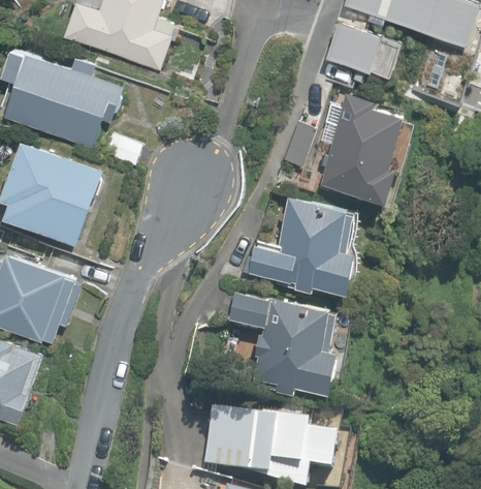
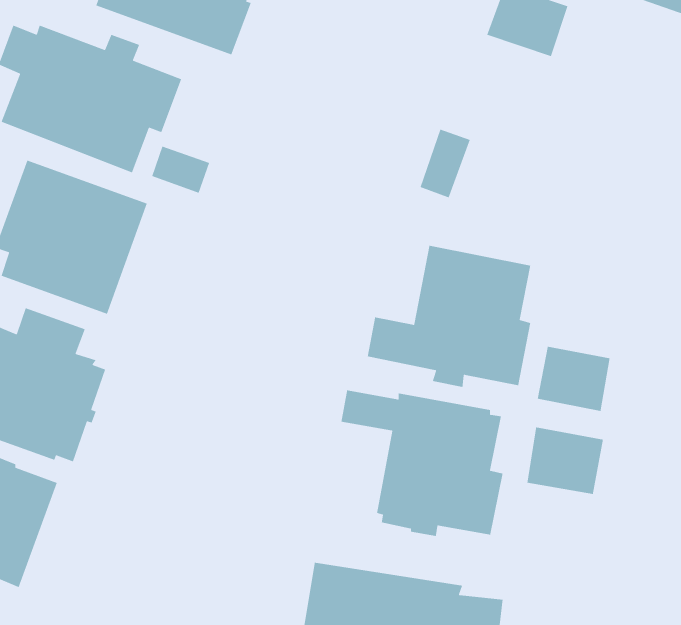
building: [320,94,414,203] -> none
building: none -> [537,346,611,412]
building: none -> [527,427,604,495]

